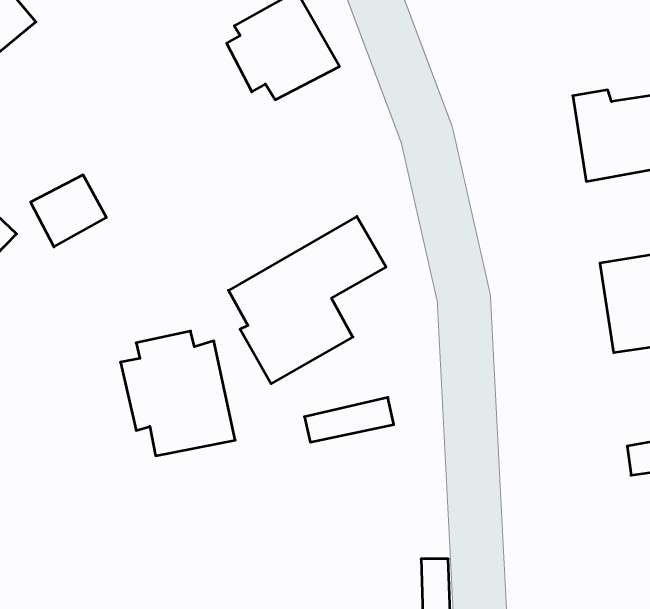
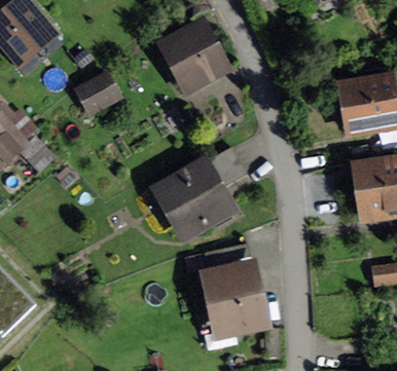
building: [31,175,106,247] -> [74,74,114,112]
building: [120,331,235,456] -> [199,263,259,329]

